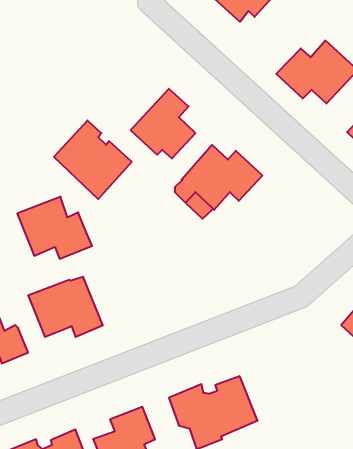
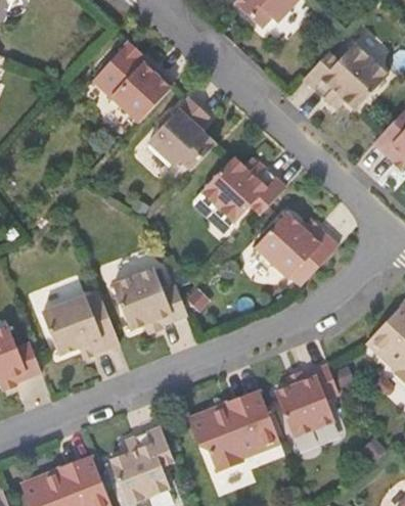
building: [54,120,132,199] -> [93,41,174,123]
building: [17,197,92,259] -> [109,263,187,327]
building: none -> [255,214,338,286]
building: none -> [276,364,341,442]

